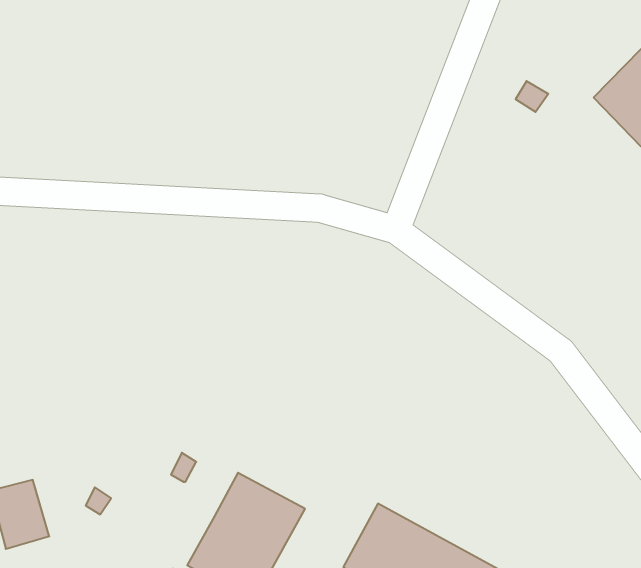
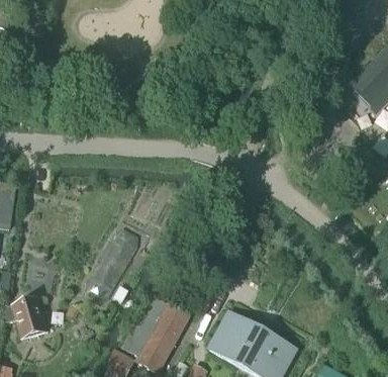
building: none -> [85,225,139,300]

